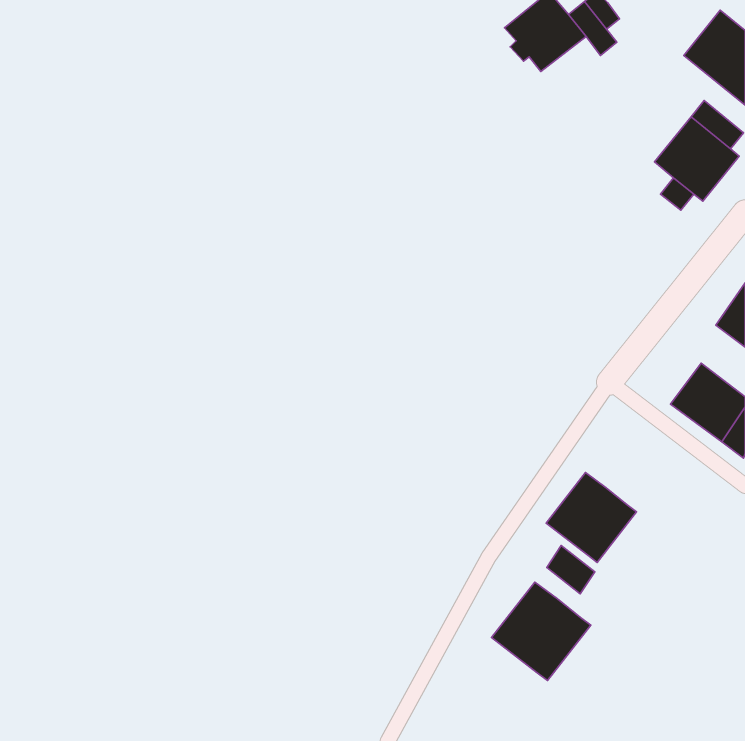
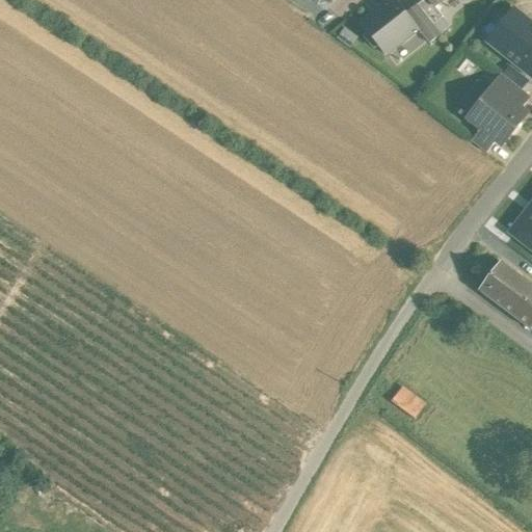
building: [546,473,637,562] -> none
building: [491,582,591,681] -> none

